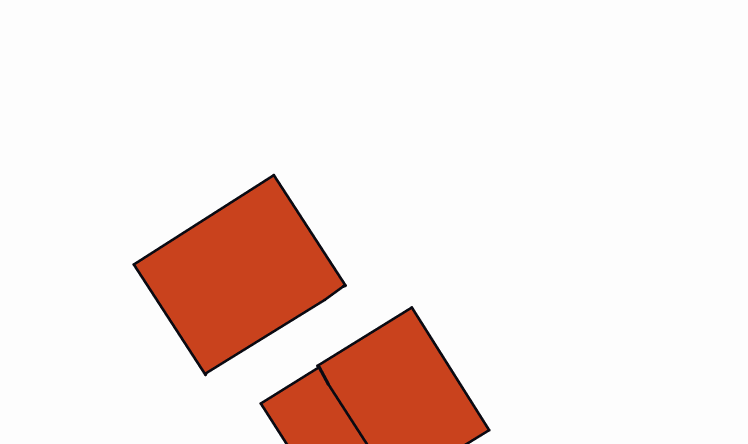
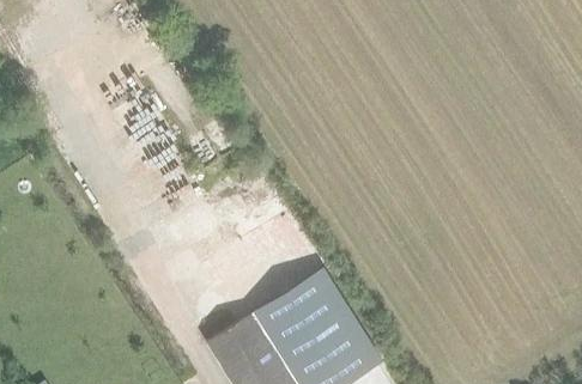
building: [134,175,345,375] -> none

